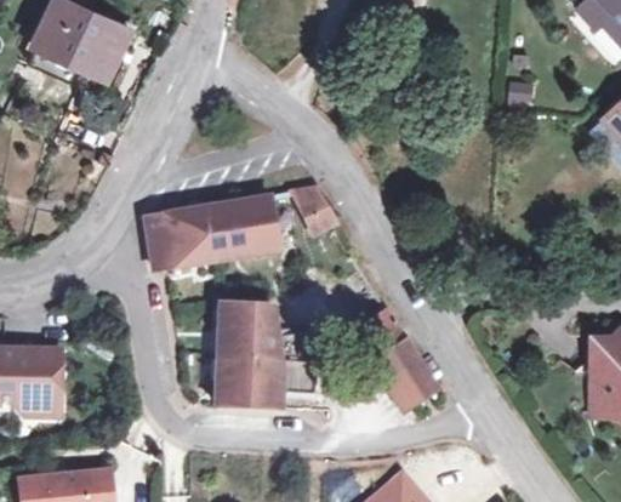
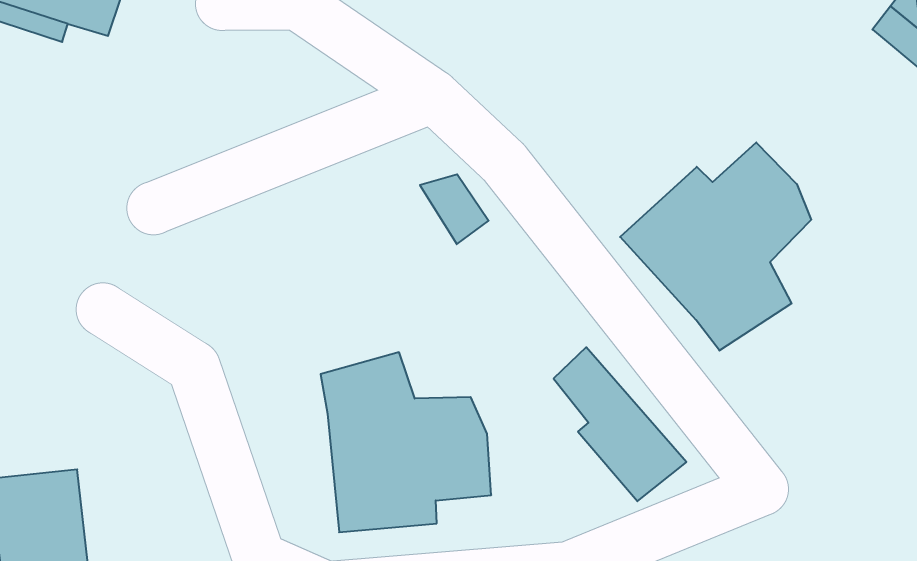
building: none -> [620,142,811,351]
building: [146,199,275,270] -> none

